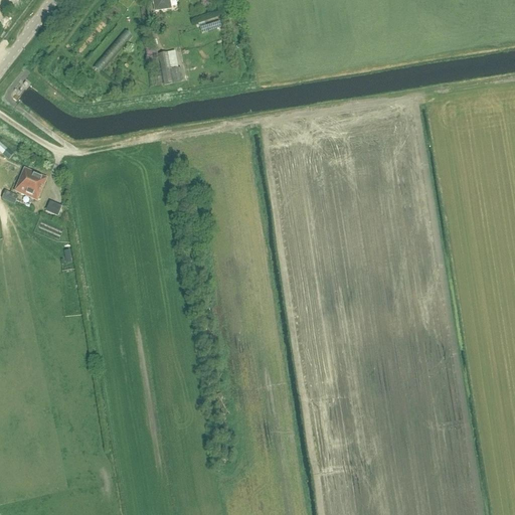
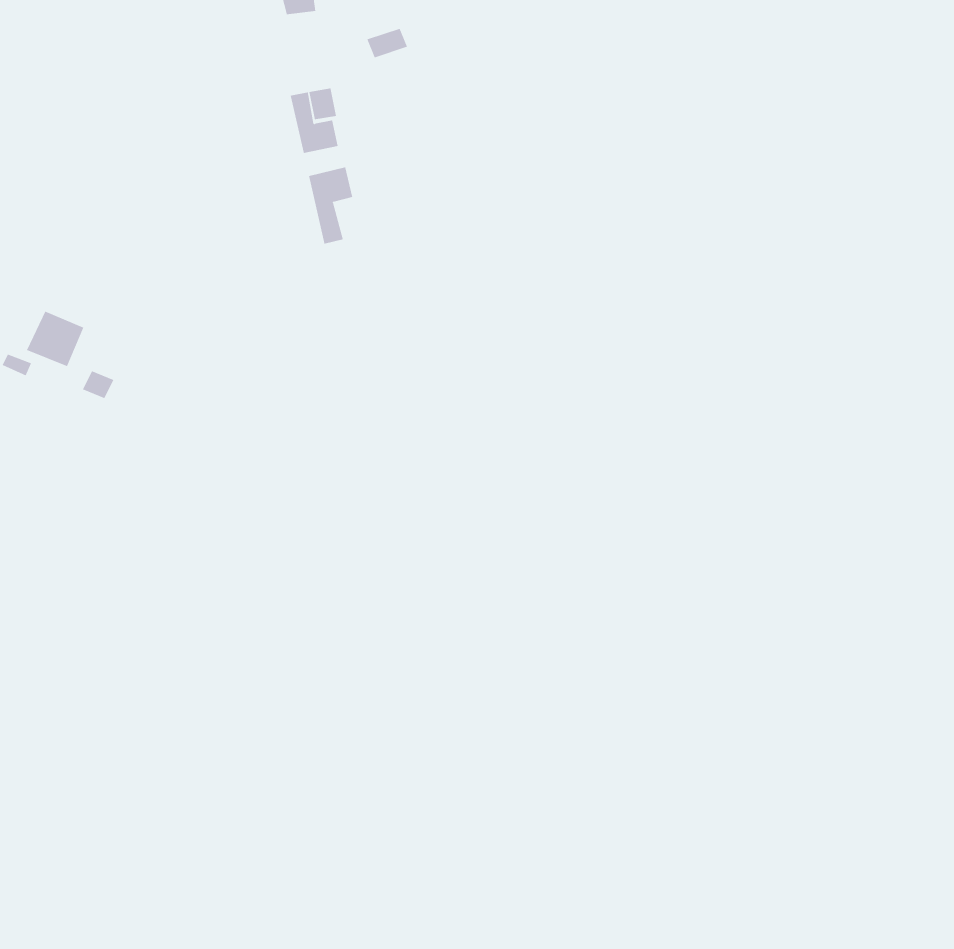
building: none -> [309,166,353,245]

